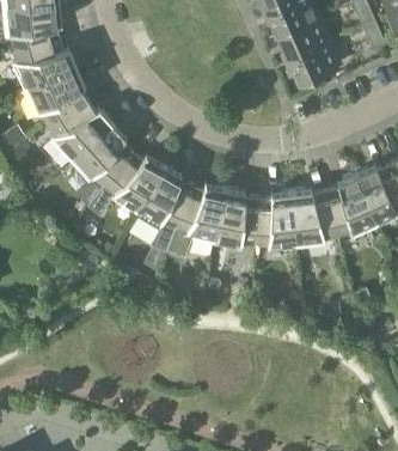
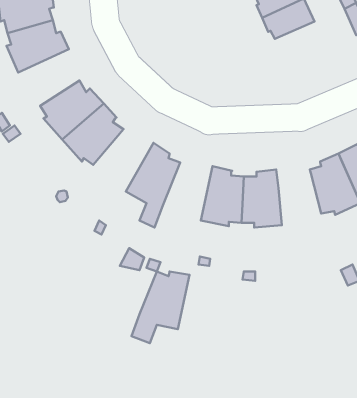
building: [289,37,341,83] -> none
building: [24,66,87,124] -> none
building: [87,148,164,214] -> none
building: [165,183,225,257] -> [131,271,189,343]
building: [290,188,337,248] -> none

